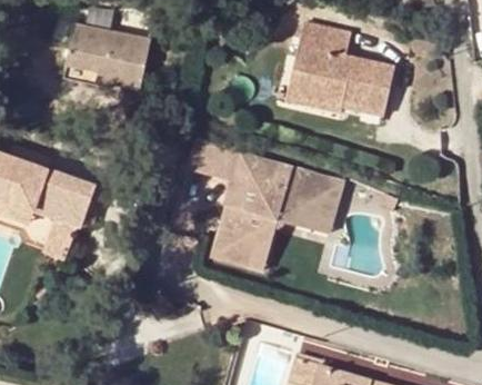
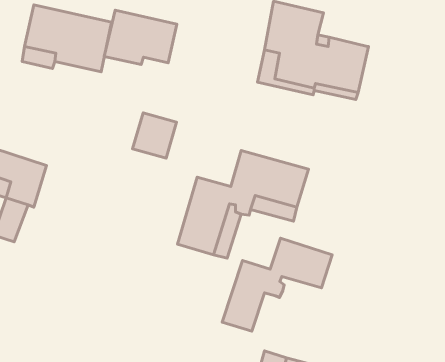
building: none -> [104,10,177,65]
building: [231,156,273,199] -> [133,113,177,158]
building: none -> [222,238,332,331]

